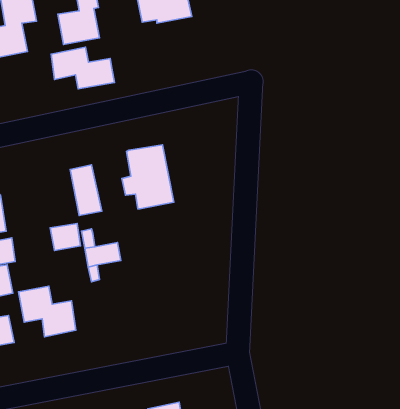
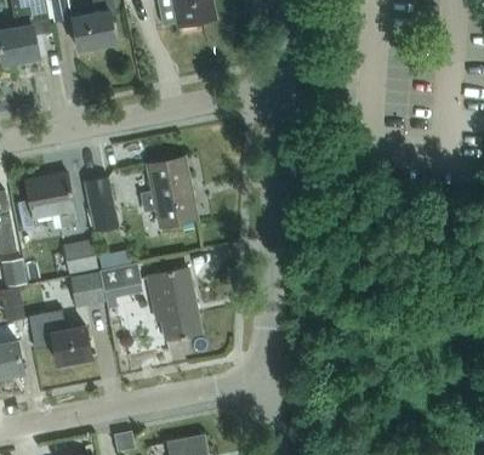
building: [51,47,114,89] -> none
building: none -> [25,174,74,227]
building: none -> [149,268,201,339]
building: none -> [70,273,104,307]

